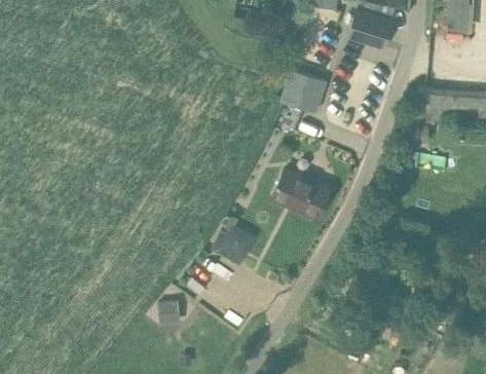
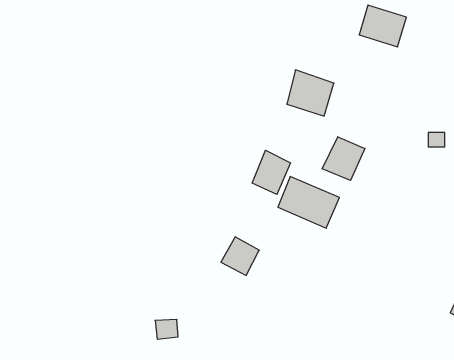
building: none -> [322,137,365,180]
building: none -> [252,150,290,194]

